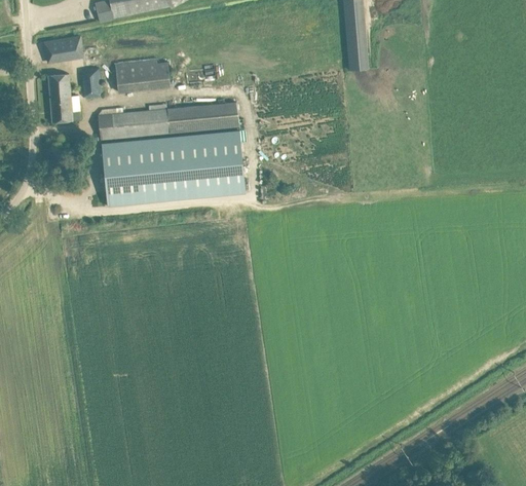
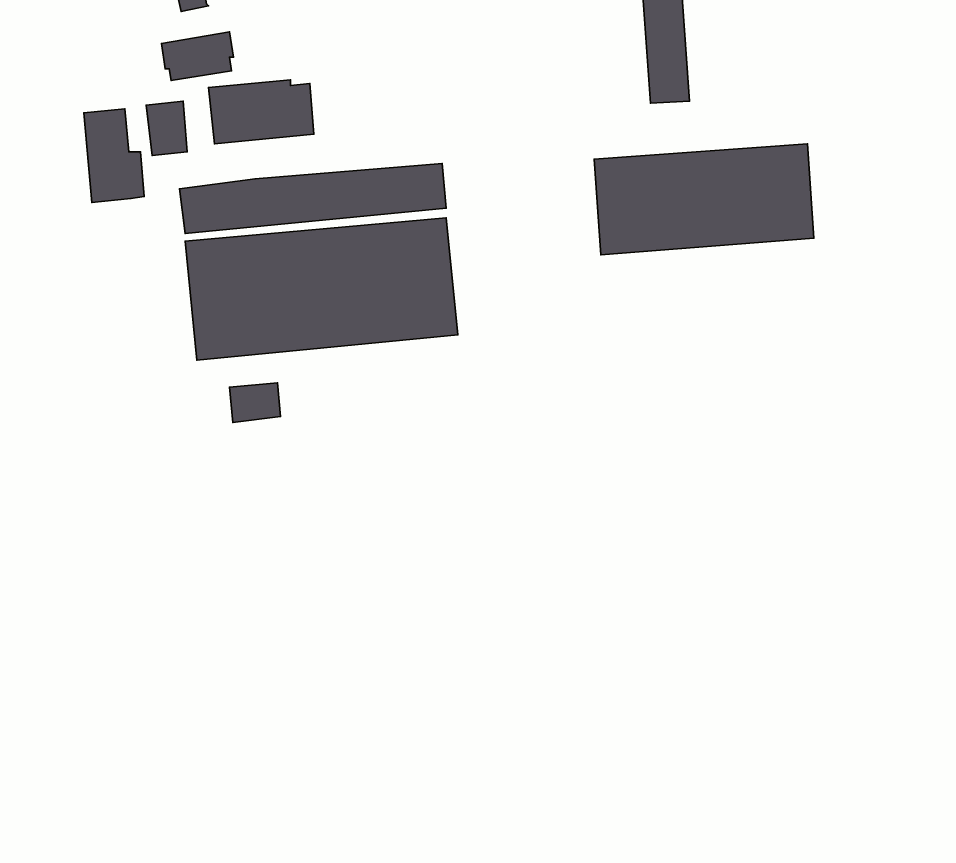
building: [44,36,82,62] -> [161,32,233,81]
building: none -> [594,144,814,255]
building: none -> [229,383,281,422]

